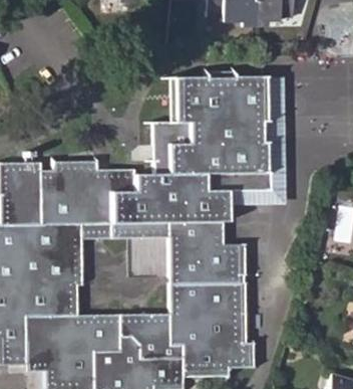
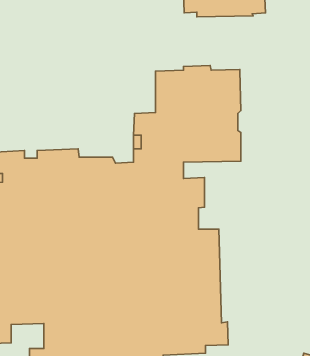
building: [206,78,286,205] -> none
building: [25,344,59,371] -> none

